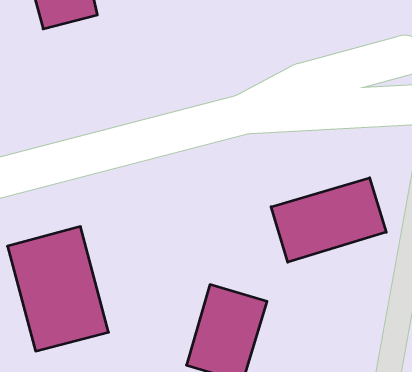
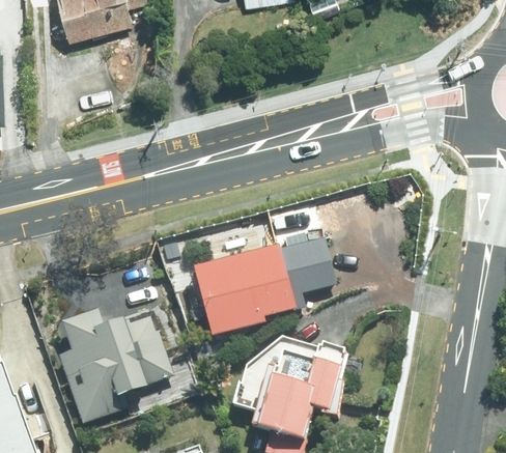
building: none -> [187,222,336,320]
building: [271,178,386,262] -> none

